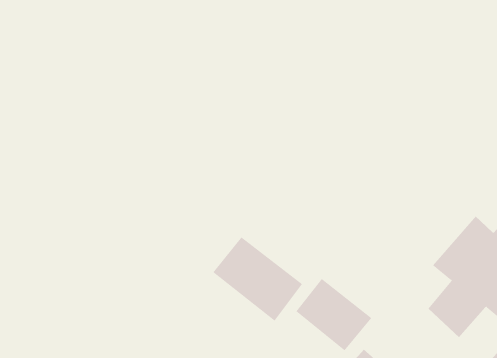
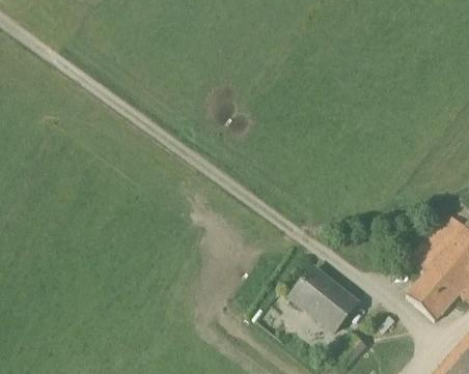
building: [213,236,303,321] -> none

